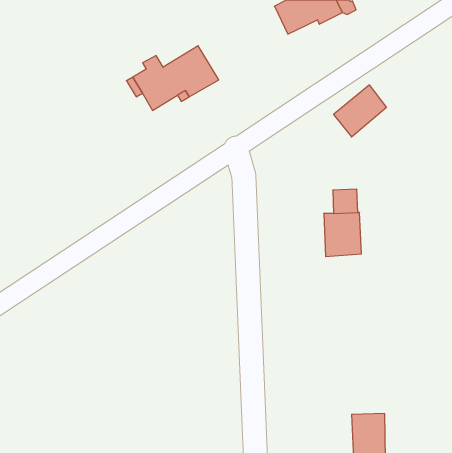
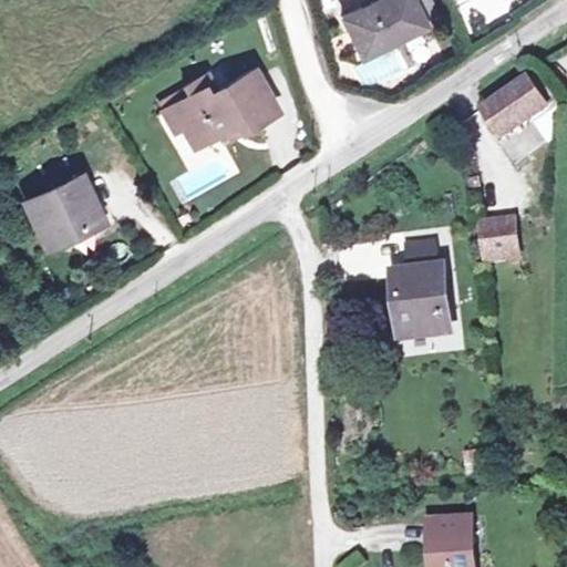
building: [334,85,386,137] -> [481,78,546,142]
building: none -> [23,183,92,245]
building: none -> [483,219,518,260]

